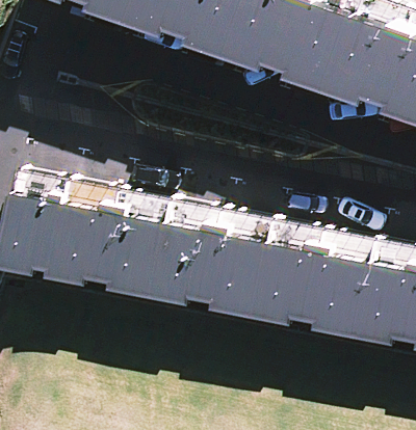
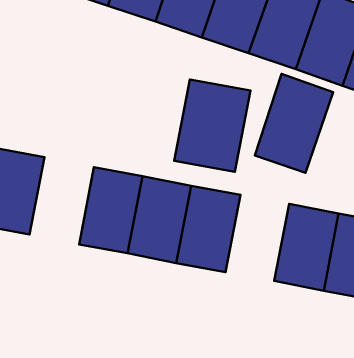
building: none -> [255,74,333,173]
building: none -> [174,80,251,172]
building: [45,189,112,280] -> none
building: [251,229,317,319] -> none

